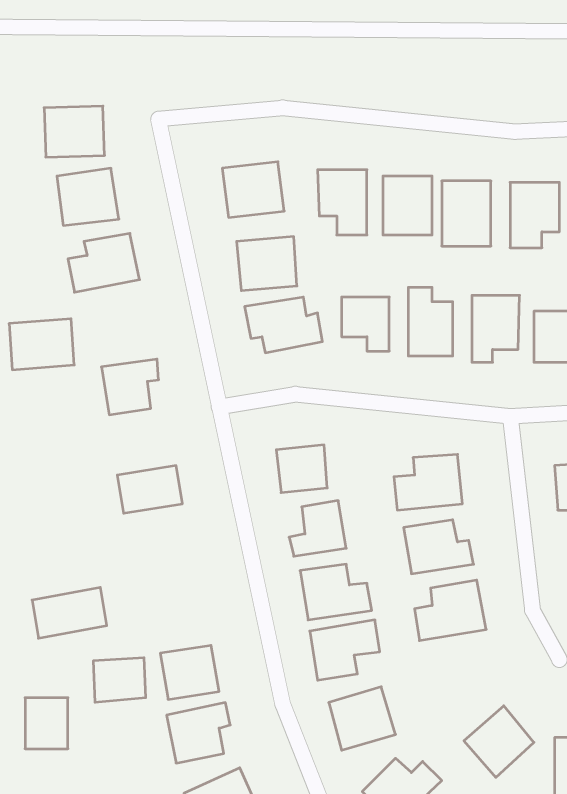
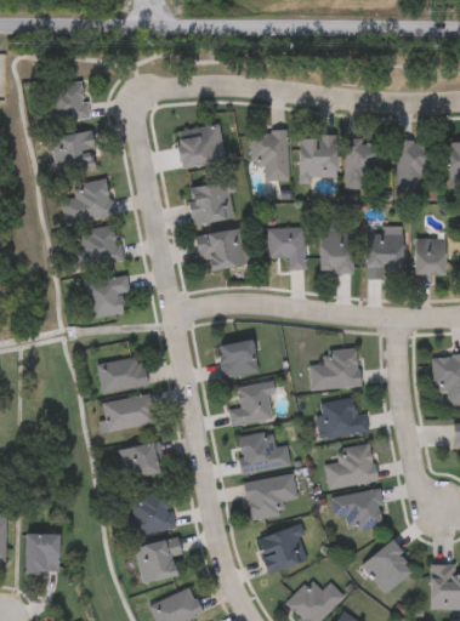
building: [9,319,74,370] -> [72,228,121,267]
building: [32,587,107,638] -> [98,394,155,433]
building: none -> [331,490,385,530]
building: [93,658,146,702] -> [120,445,160,479]

